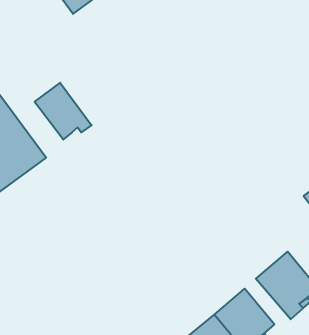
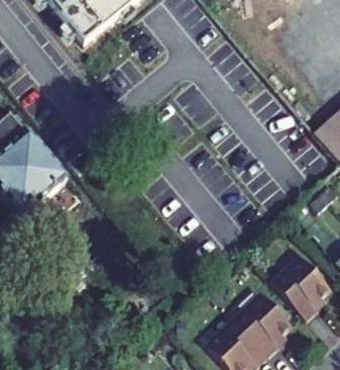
building: [35,83,92,140] -> none

